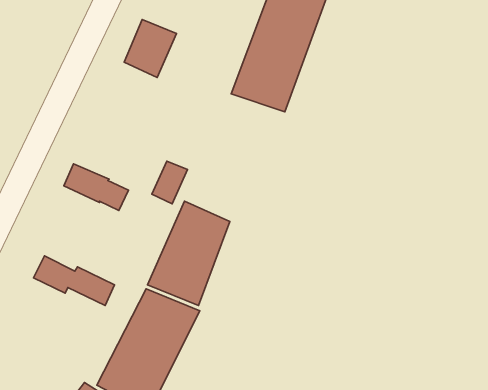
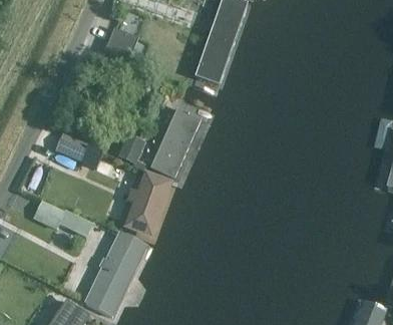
building: none -> [142,94,213,181]

